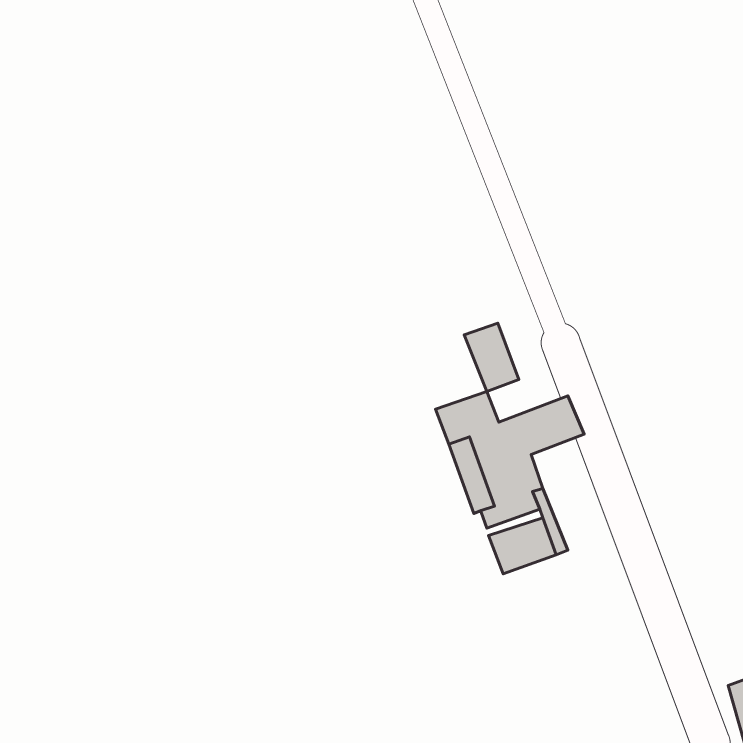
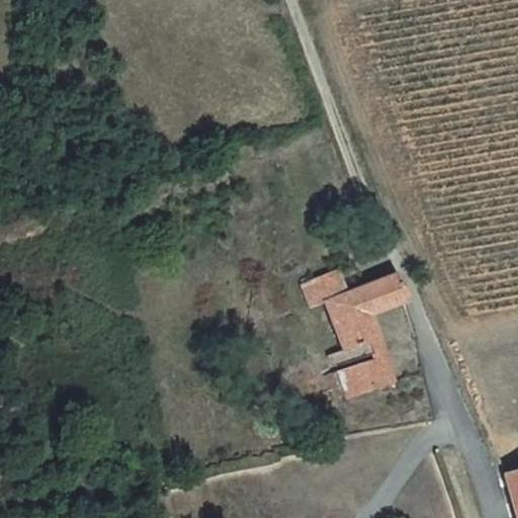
building: [464,323,519,391] -> none

